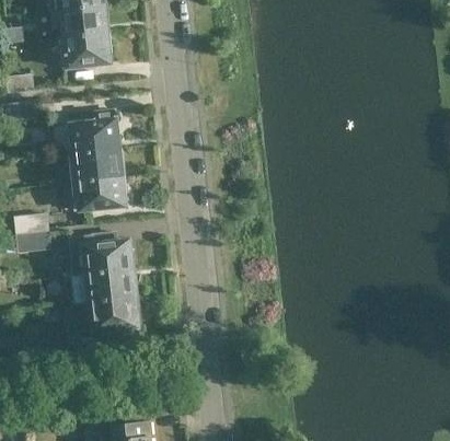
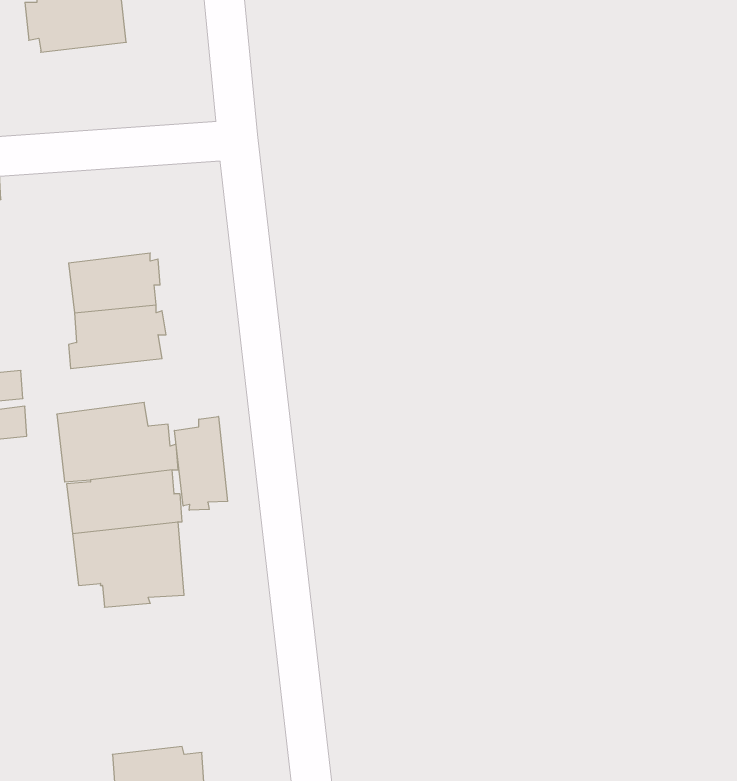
building: [59,32,111,66] -> none
building: [71,111,119,153] -> none
building: none -> [174,416,228,510]

